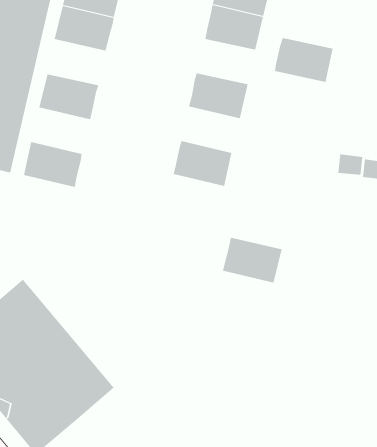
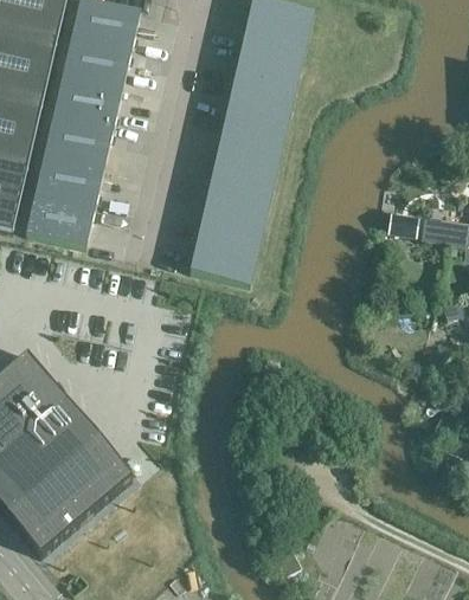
building: [274,37,333,82] -> [227,72,296,124]
building: none -> [54,72,123,125]
building: none -> [210,150,278,204]
building: none -> [36,151,105,205]
building: [222,237,282,283] -> [191,228,261,282]

